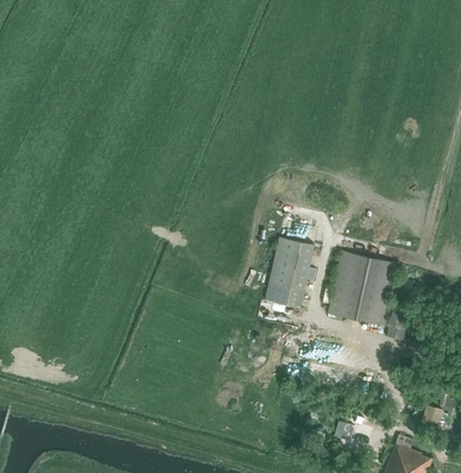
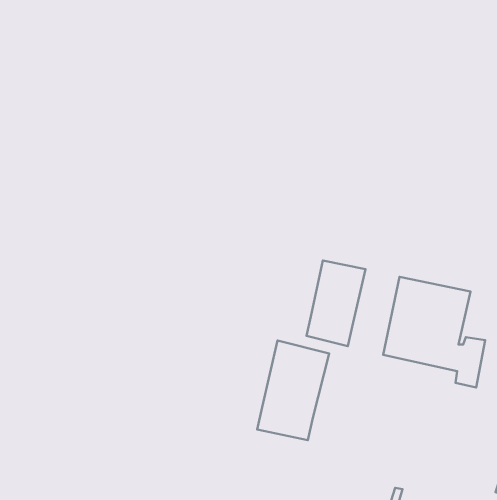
building: none -> [257,340,329,440]

